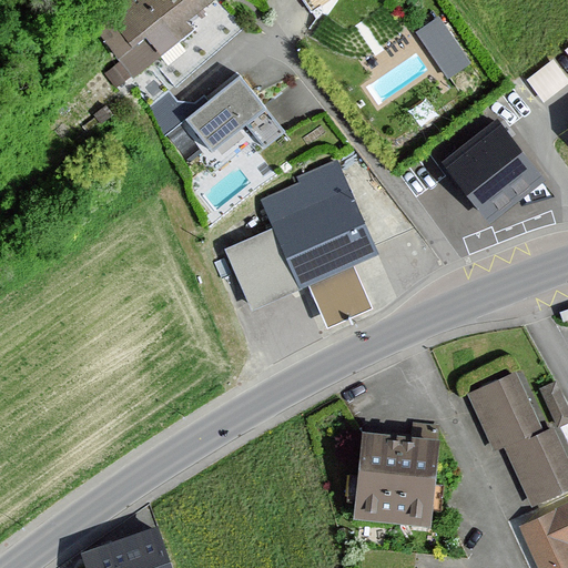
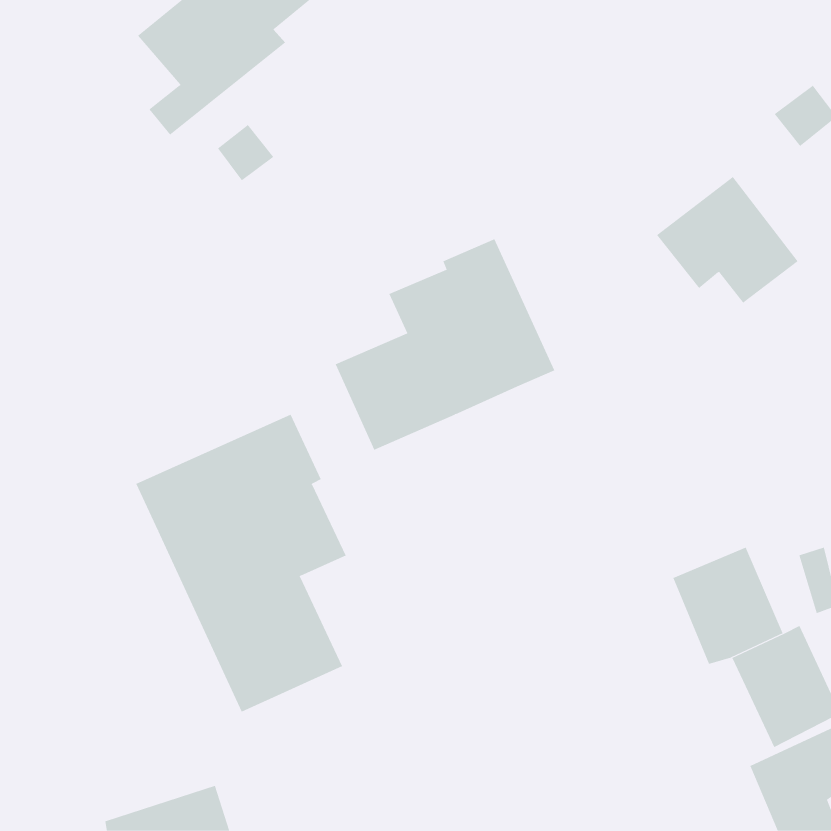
building: [418,13,473,77] -> none
building: [189,74,287,150] -> none
building: [312,263,374,329] -> none
building: none -> [135,414,346,712]
building: [345,435,427,527] -> none

